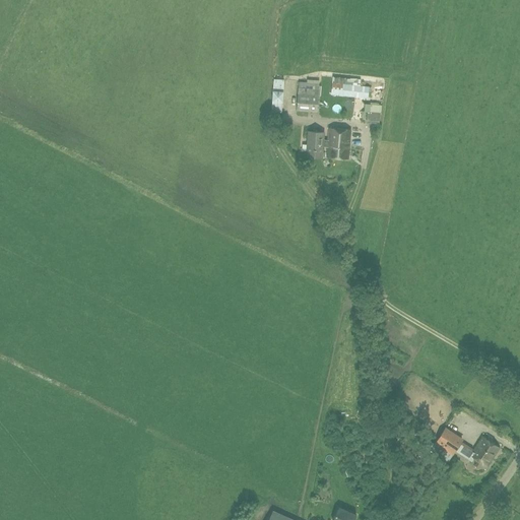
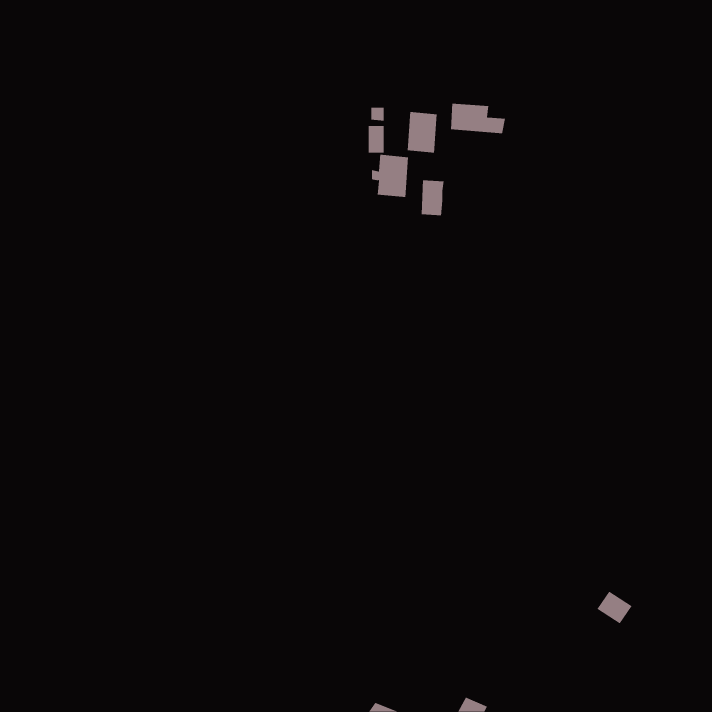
building: [323,128,350,159] -> [371,154,409,198]
building: [469,436,501,467] -> none

